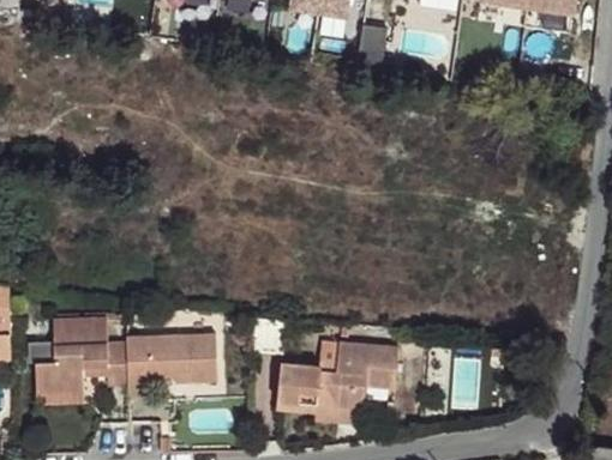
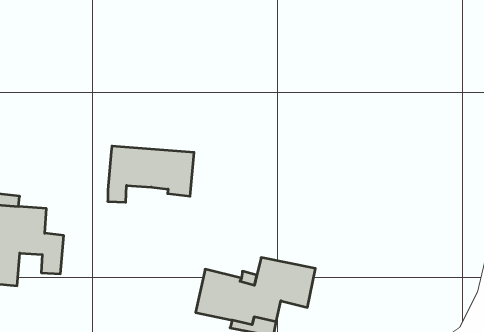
building: [127,334,216,397] -> [108,146,194,202]

